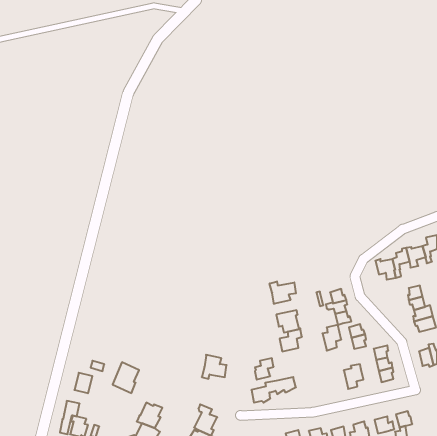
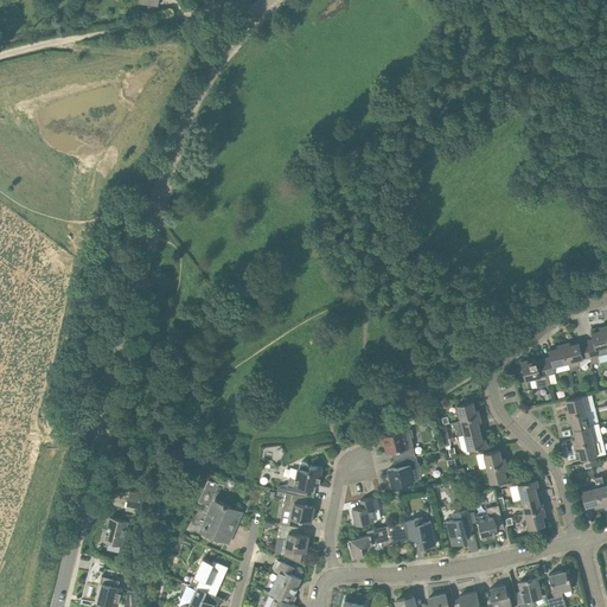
building: [270,281,296,304] -> none
building: [322,325,341,351] -> [447,511,473,547]
building: none -> [277,462,322,498]
building: [113,362,139,393] -> [203,501,239,544]
building: none -> [407,519,436,549]
building: none -> [274,525,308,564]

